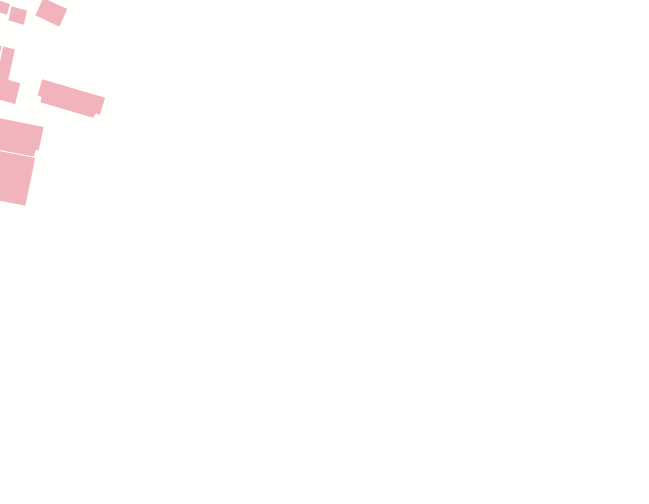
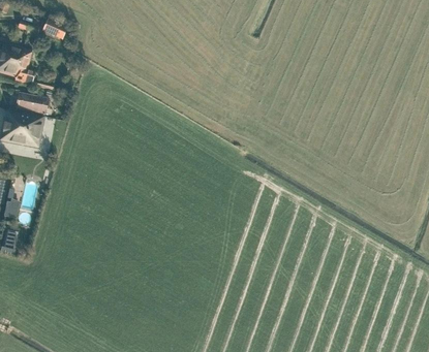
building: [37,78,106,118] -> none

